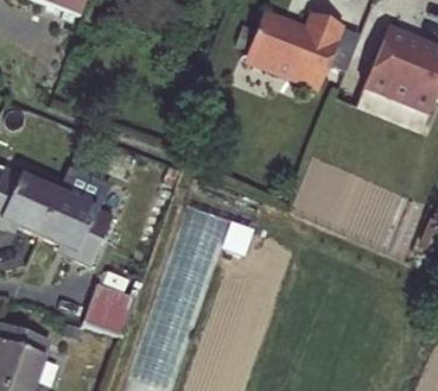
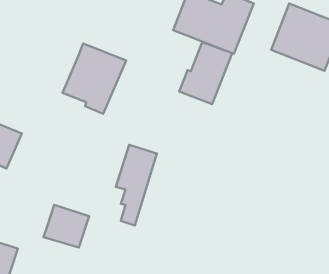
building: none -> [179,42,232,104]
building: [34,175,114,263] -> [62,43,126,114]

